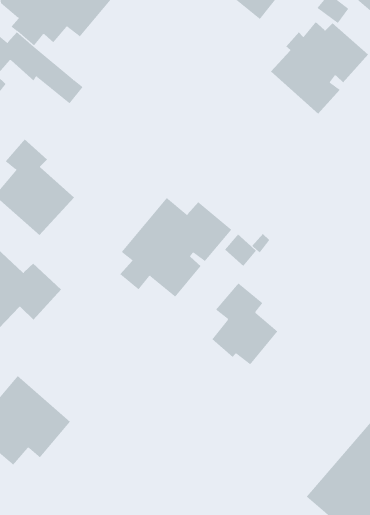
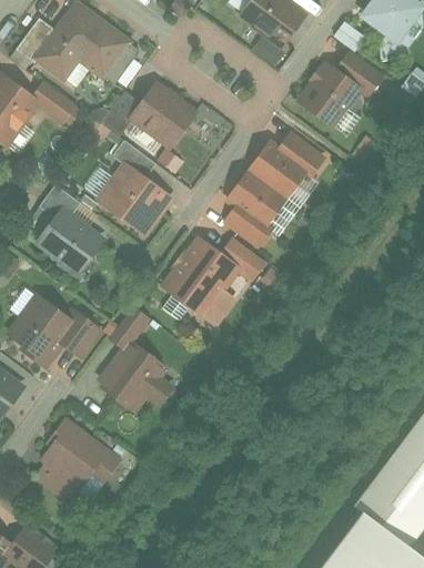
building: none -> [100,75,200,149]
building: none -> [88,138,174,242]
building: none -> [221,129,326,246]
building: none -> [93,306,174,412]
building: [211,282,278,365] -> none

